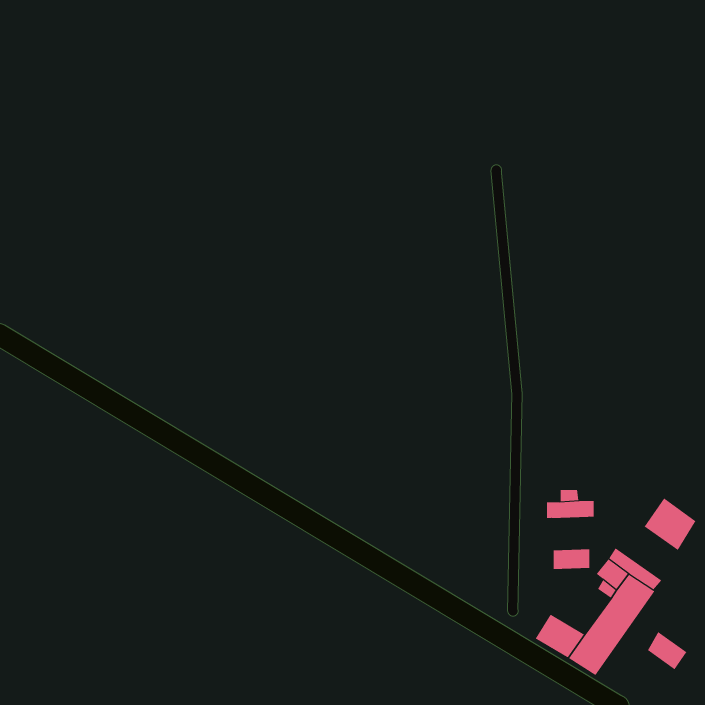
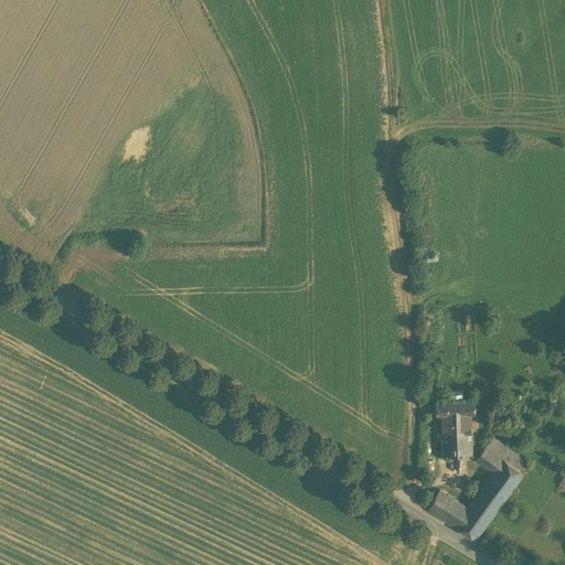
building: [644,498,696,551] -> none
building: none -> [438,414,471,440]
building: [647,631,687,670] -> none

